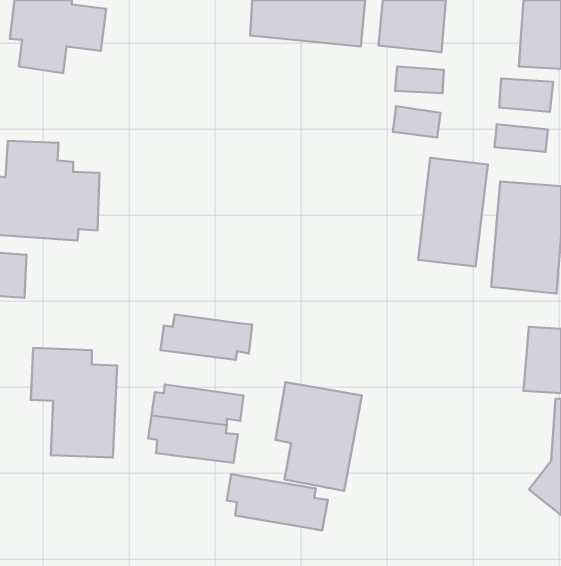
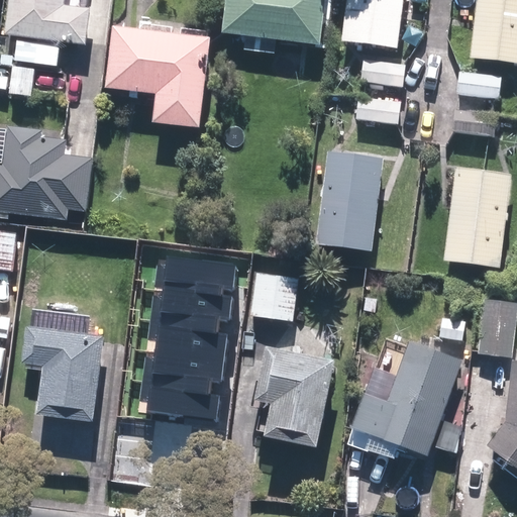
building: none -> [111,26,219,127]
building: [418,158,488,266] -> [314,151,378,250]
building: none -> [150,255,235,295]
building: none -> [246,272,297,321]
building: none -> [143,319,226,360]
building: none -> [344,337,460,456]
building: [227,474,328,531] -> none

